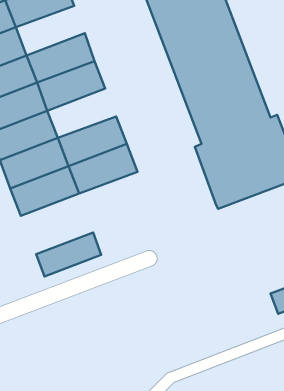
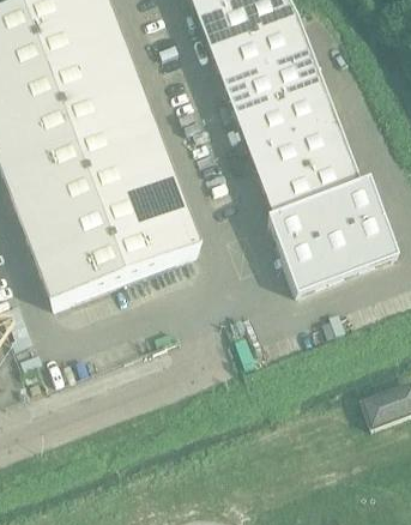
building: none -> [47,42,132,103]
building: none -> [85,144,170,205]
building: [36,232,101,276] -> none

